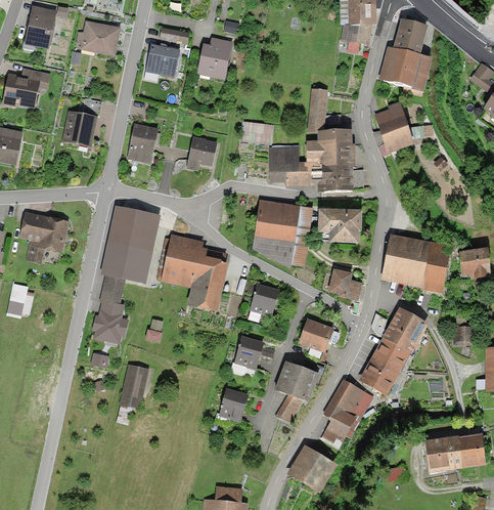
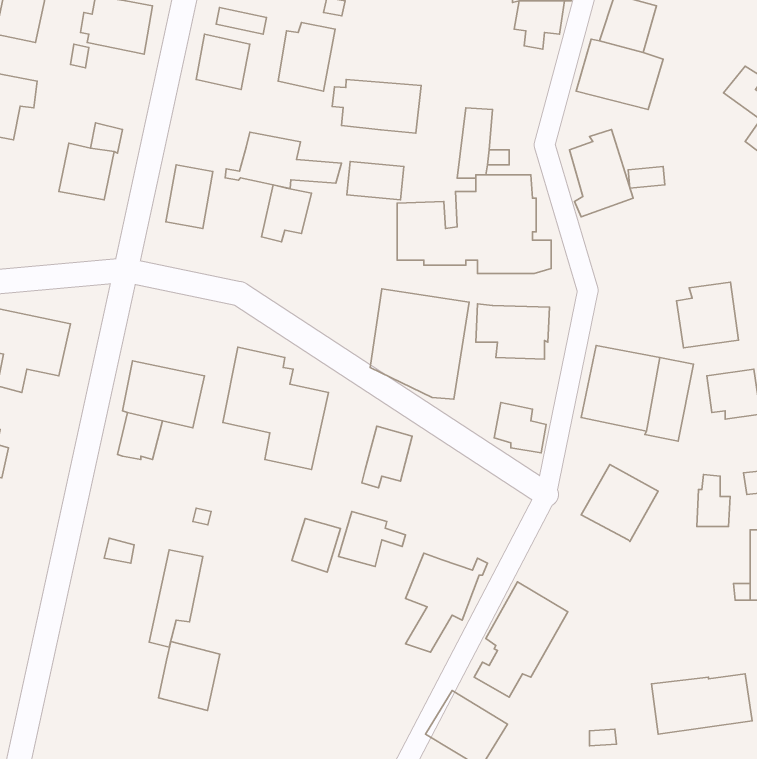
building: none -> [332,79,421,133]
building: none -> [225,132,341,189]
building: none -> [677,282,739,348]
building: [107,205,160,252] -> none
building: [92,301,128,343] -> none
building: [298,317,333,360] -> none
building: [358,337,410,395] -> none
building: [218,388,248,421] -> [292,519,340,572]
building: none -> [158,642,220,711]

